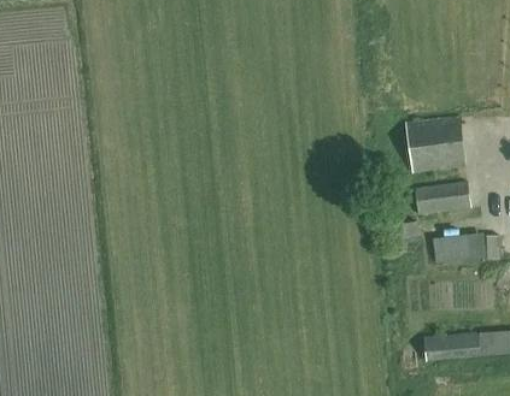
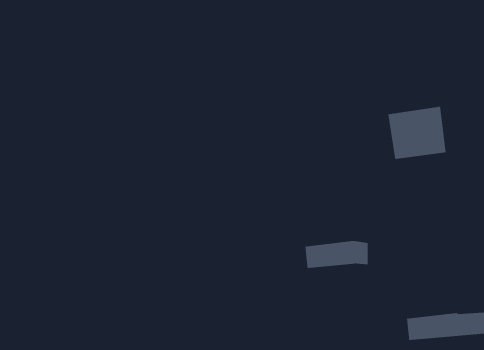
building: [416,181,470,214] -> none
building: [433,234,499,262] -> [305,241,368,268]

